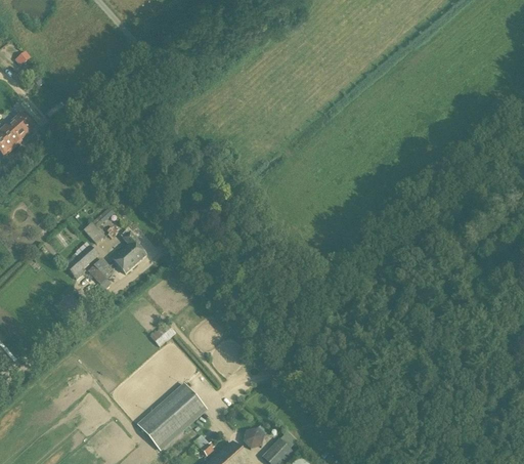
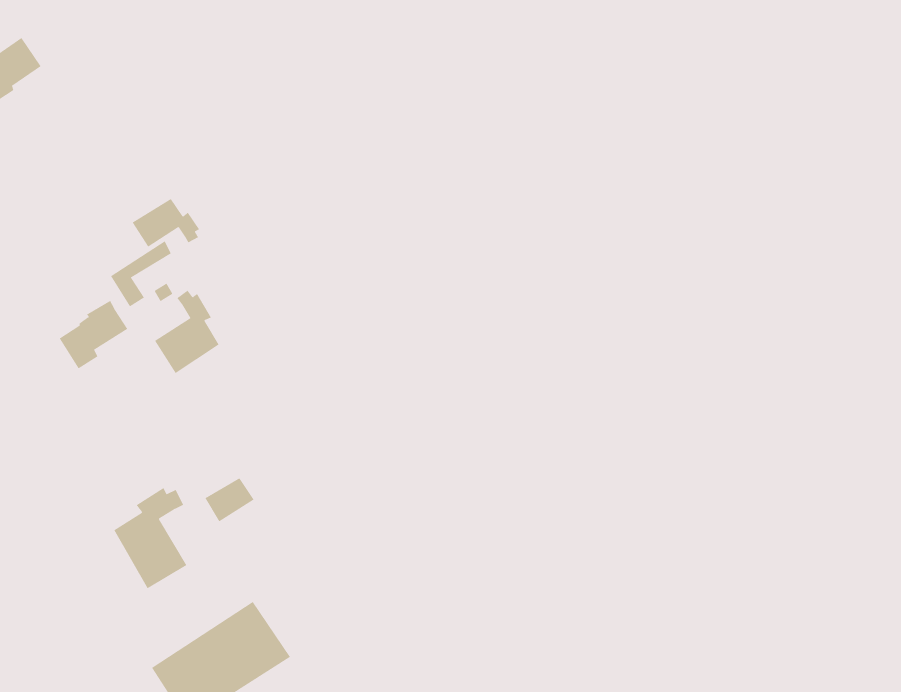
building: none -> [132,198,200,247]
building: [89,258,115,290] -> none
building: none -> [114,487,187,589]

